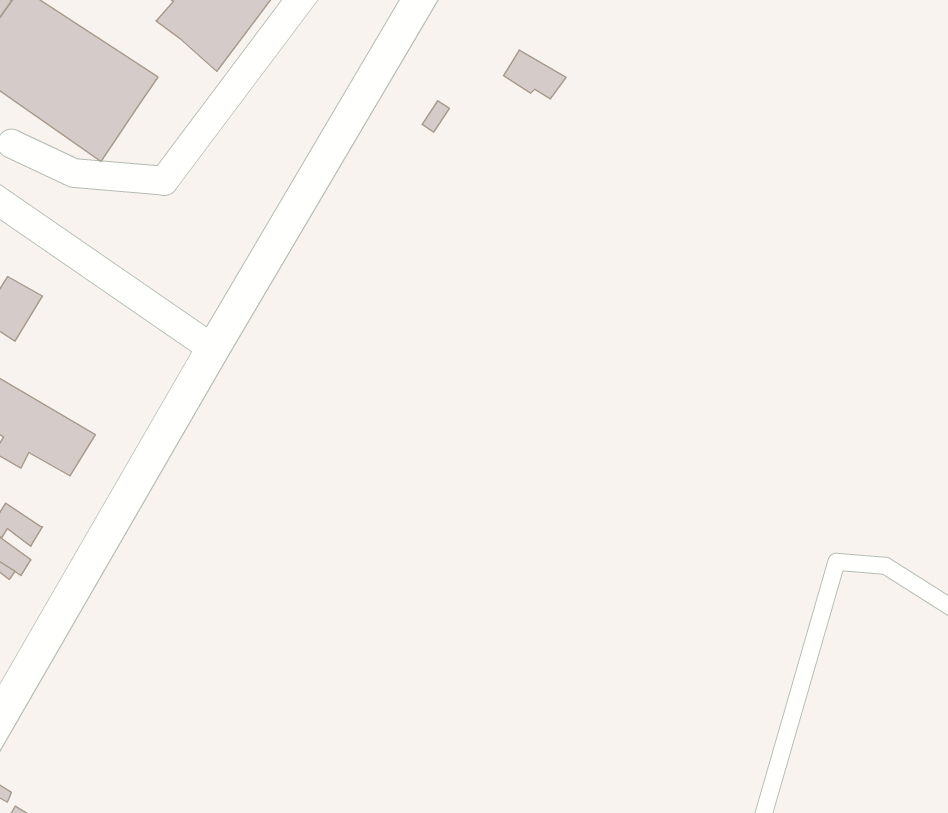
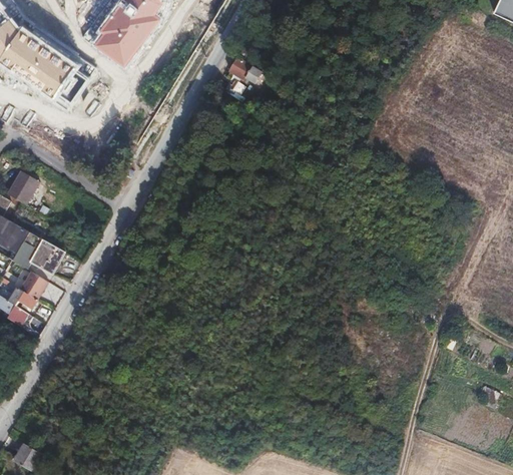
building: [503,50,566,99] -> [229,57,262,82]
building: none -> [21,273,47,300]

